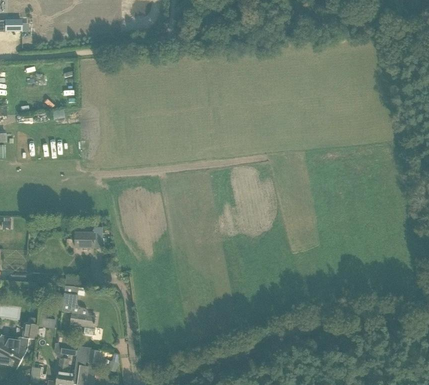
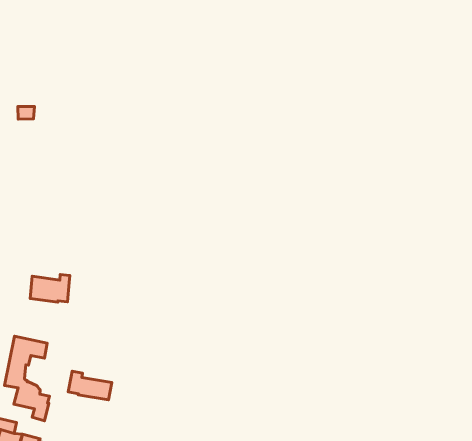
building: none -> [68,371,112,400]

